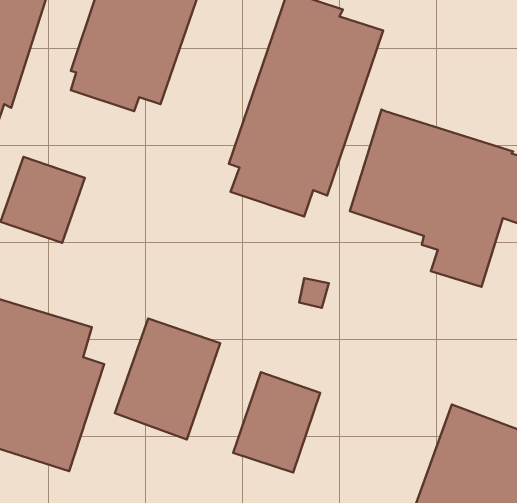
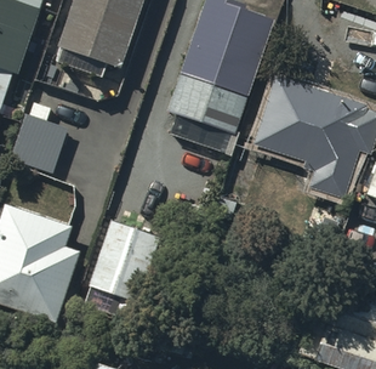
building: [233,372,320,472] -> none

